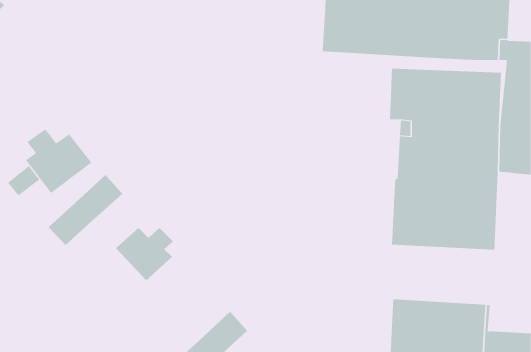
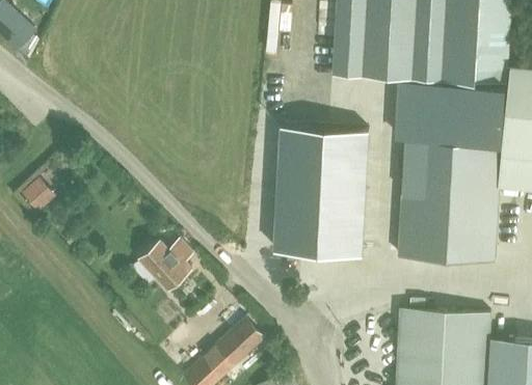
building: none -> [273,127,369,257]
building: [25,129,92,194] -> none
building: [48,174,123,246] -> none

